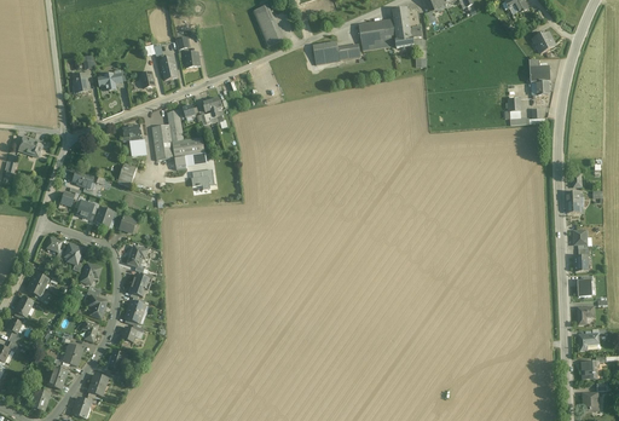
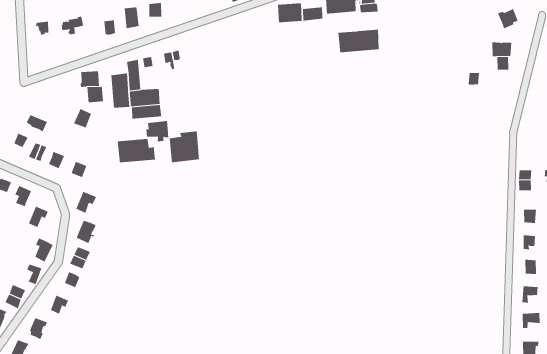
building: none -> [338,29,379,53]
building: none -> [169,130,200,163]
building: none -> [117,138,156,163]

